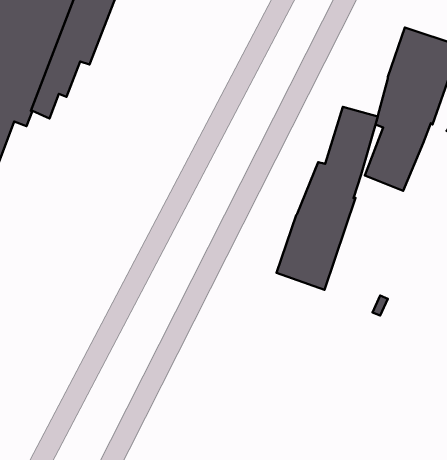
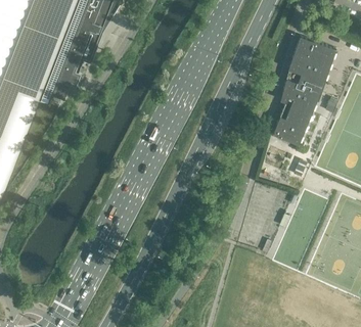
building: [277,107,378,290] -> none

